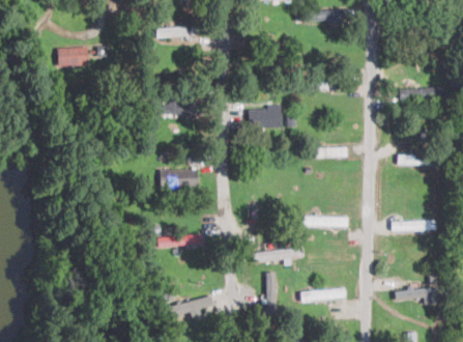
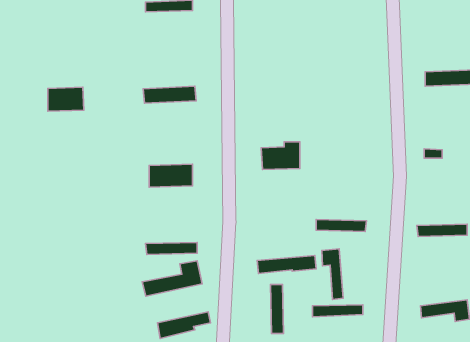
building: [58,47,89,67] -> [48,87,84,111]
building: [249,105,282,129] -> [261,142,300,170]
building: none -> [322,249,343,299]
building: none -> [142,261,202,296]

